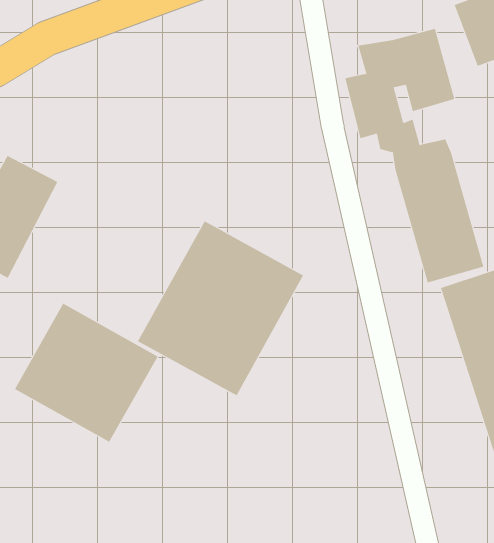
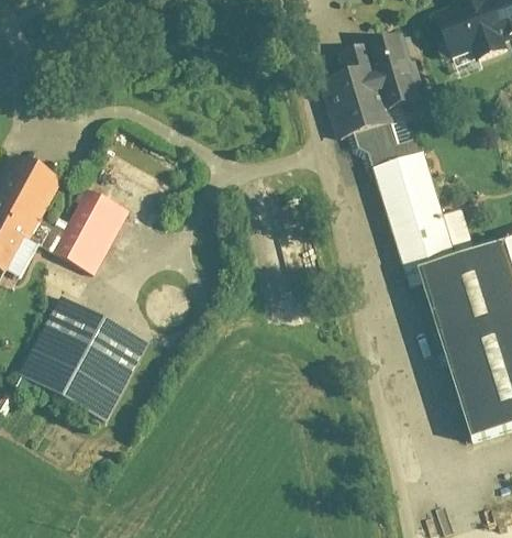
building: none -> [53,188,126,271]
building: [137,220,304,396] -> none

